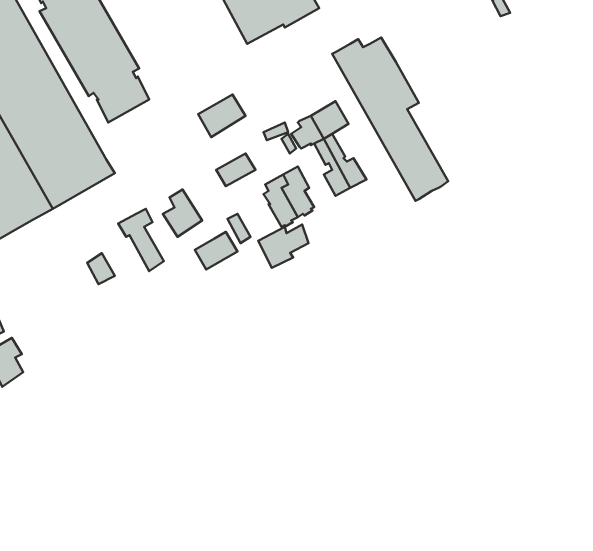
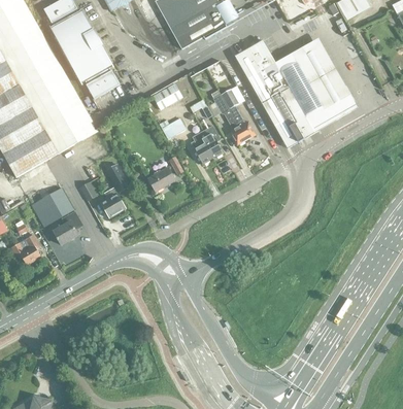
building: none -> [274,35,359,135]
building: [163,189,202,237] -> [100,188,125,217]
building: [258,224,309,268] -> none
building: none -> [31,188,81,244]

